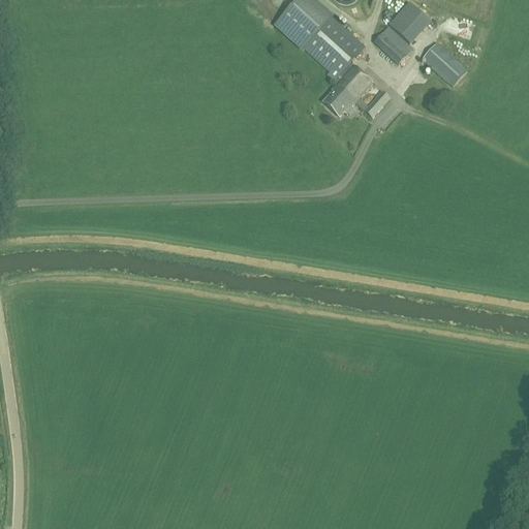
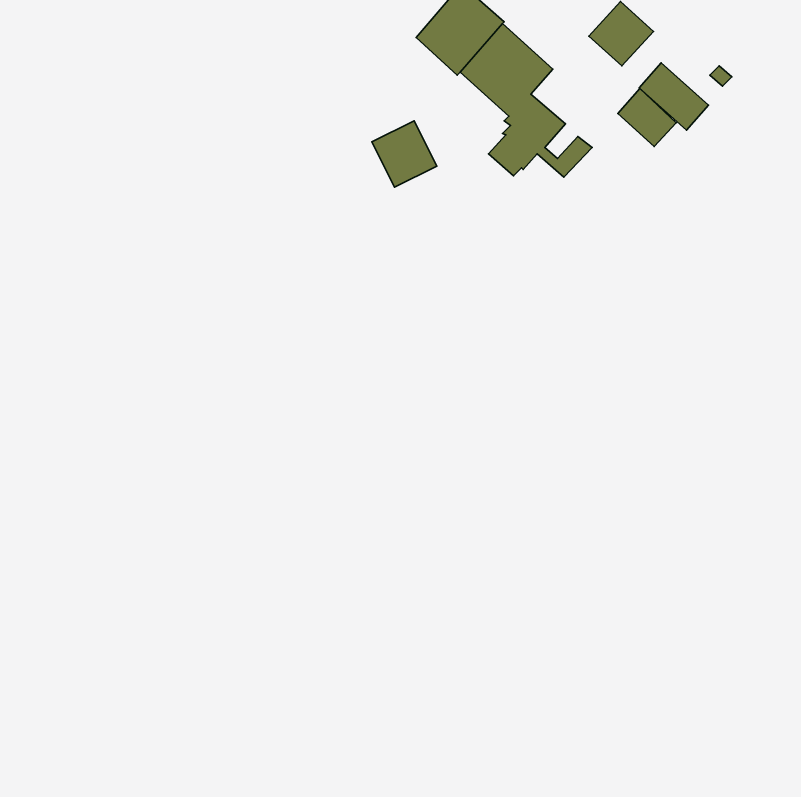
building: [373,25,411,63] -> [618,88,676,147]
building: none -> [372,121,437,187]

